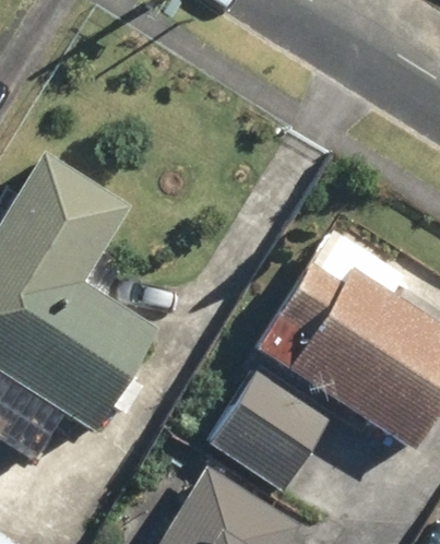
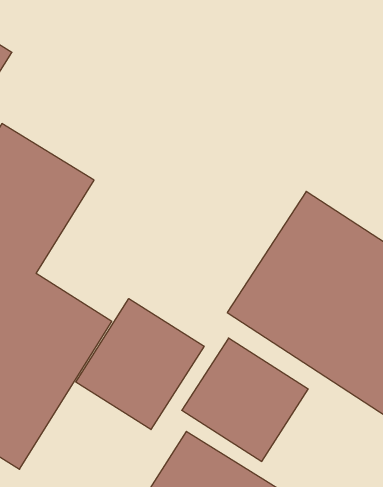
building: none -> [76,299,204,430]

